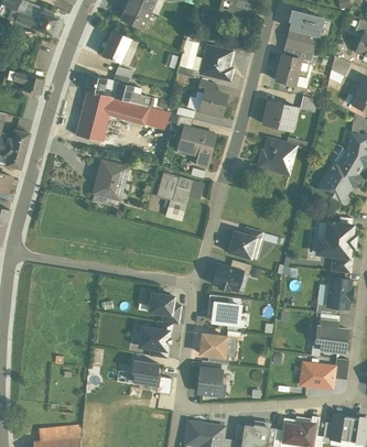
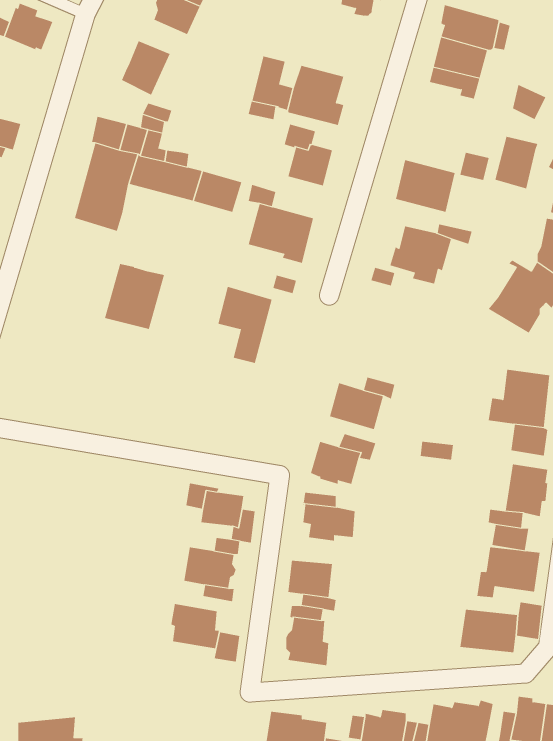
building: [276,55,301,86] -> [495,136,538,189]

